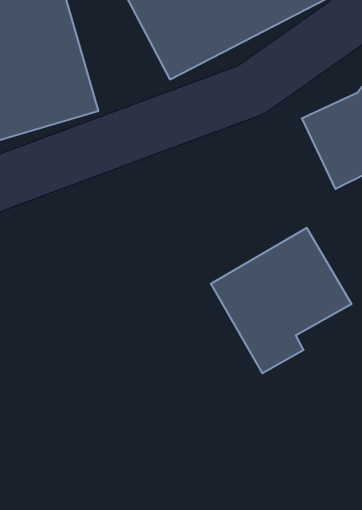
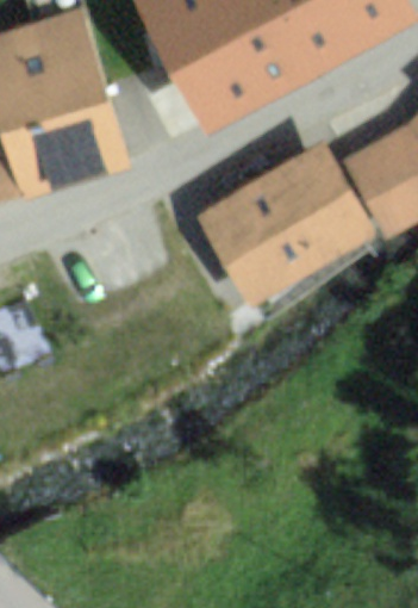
building: [211,228,352,373] -> [208,163,358,318]

